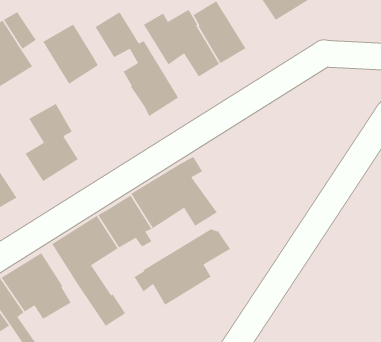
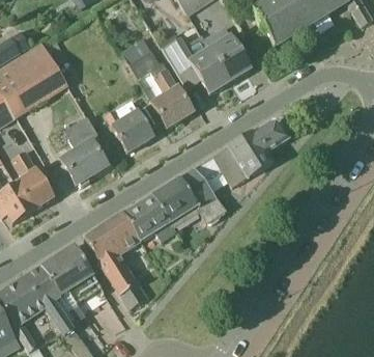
building: [42,23,99,85] -> [105,99,153,152]
building: [133,229,231,306] -> [205,119,289,186]

